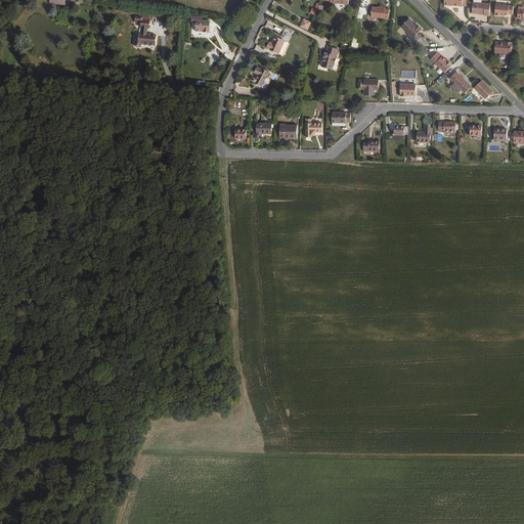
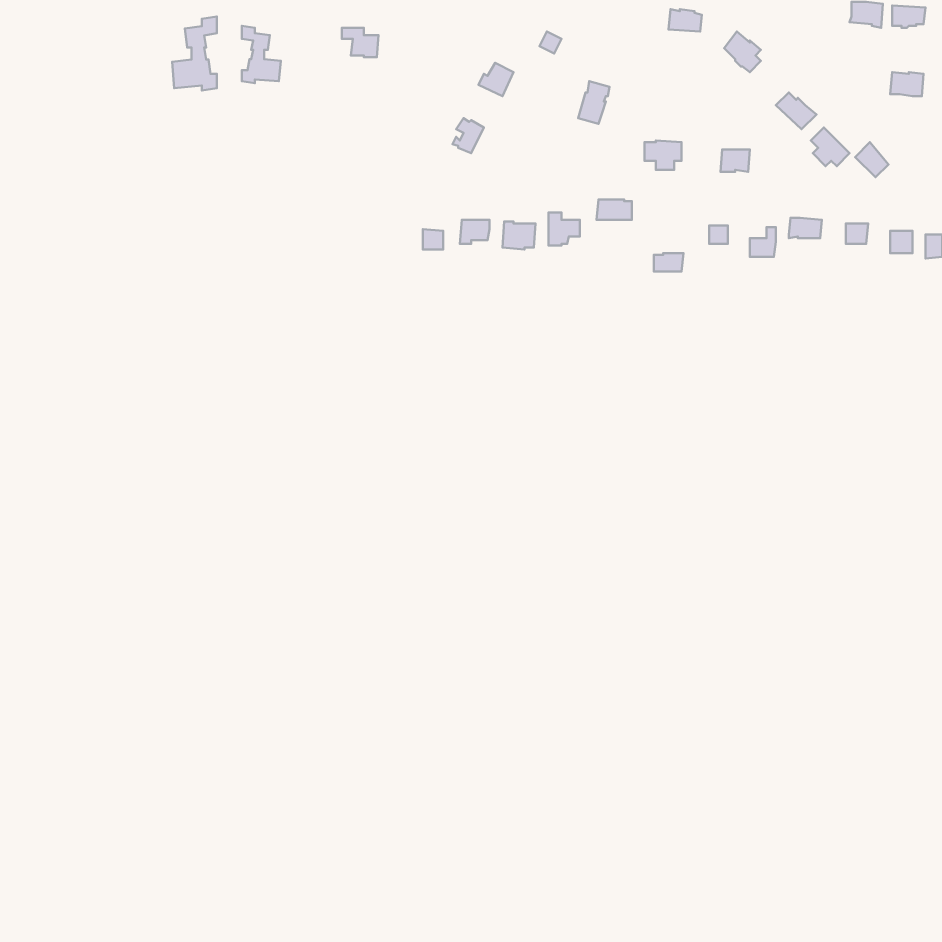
building: none -> [172,17,217,90]

